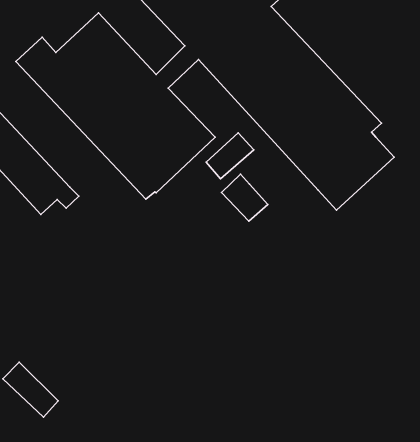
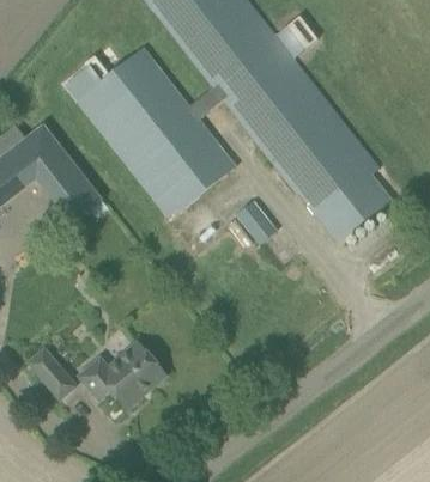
building: [206,133,254,179] -> none
building: none -> [79,341,165,408]

